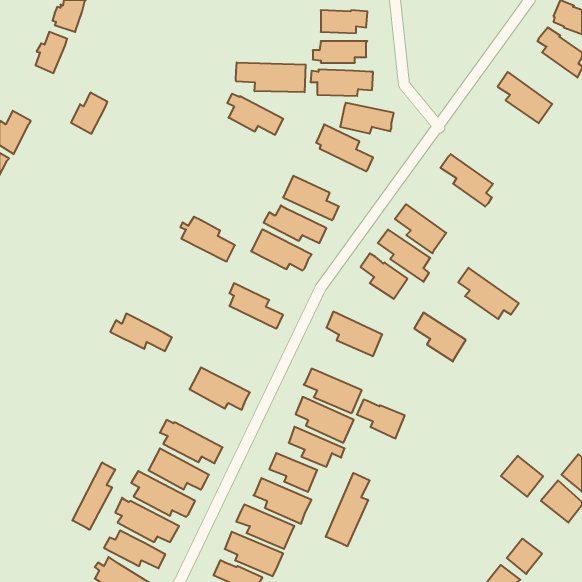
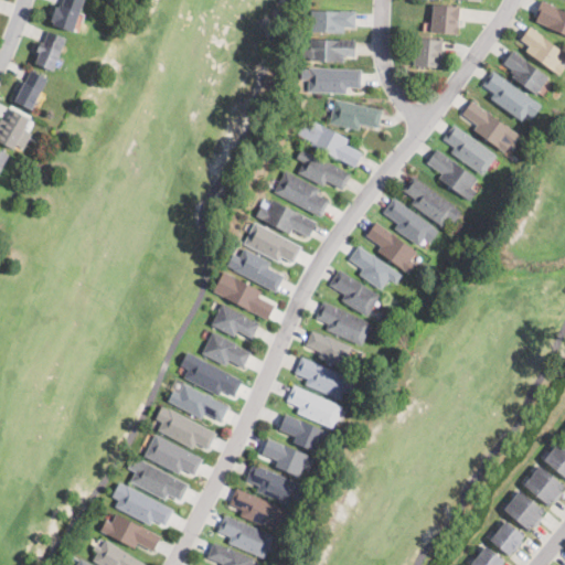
building: none -> [430,6,460,35]
building: none -> [413,40,443,68]
building: none -> [502,51,548,96]
building: [236,62,306,92] -> none
building: [71,93,107,134] -> [11,71,46,110]
building: [227,94,283,135] -> [296,150,350,190]
building: none -> [461,102,521,152]
building: none -> [443,125,495,175]
building: [180,217,235,261] -> [231,249,284,292]
building: [458,268,519,319] -> [403,177,461,226]
building: [414,313,466,362] -> [329,269,379,317]
building: [110,313,172,351] -> [168,384,227,420]
building: none -> [211,305,258,338]
building: none -> [202,332,249,367]
building: [357,400,405,438] -> [305,331,351,369]
building: [501,456,543,497] -> [503,491,544,531]
building: [72,462,115,530] -> none
building: [326,473,370,546] -> none

